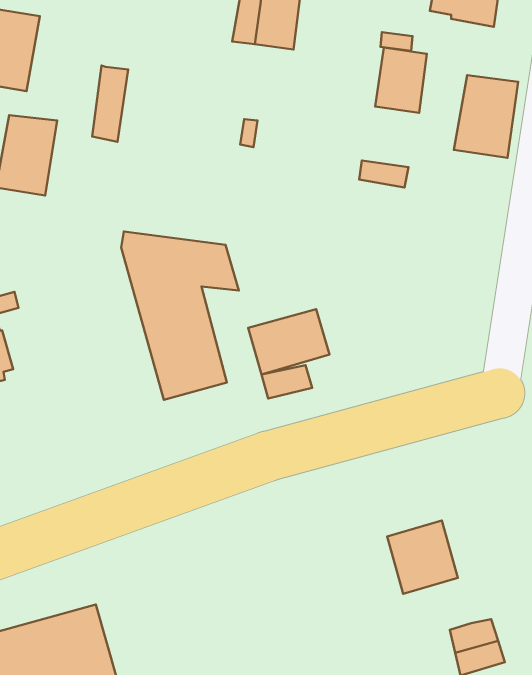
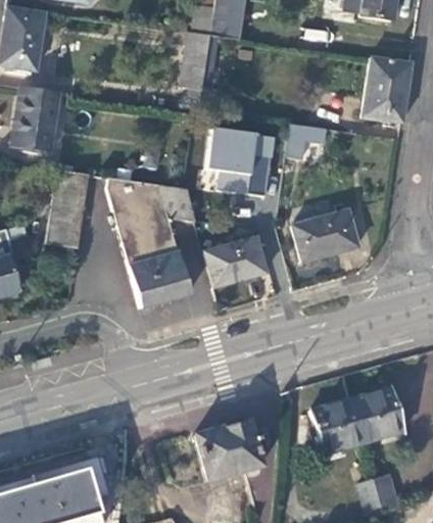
building: [375,47,427,113] -> none
building: [92,66,128,142] -> [183,32,210,90]
building: none -> [205,126,277,193]
building: none -> [47,171,90,246]
building: none -> [293,210,359,262]
building: none -> [353,387,404,442]
building: none -> [196,421,262,482]

